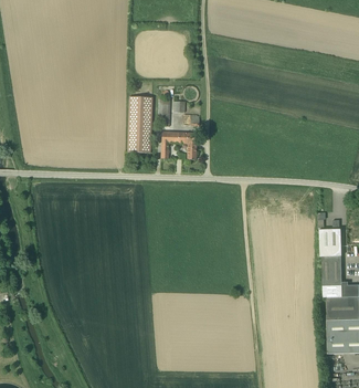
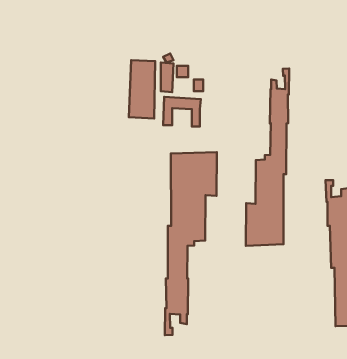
building: none -> [246,68,289,246]
building: none -> [165,152,217,335]

